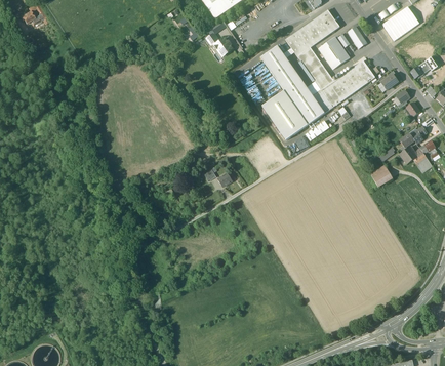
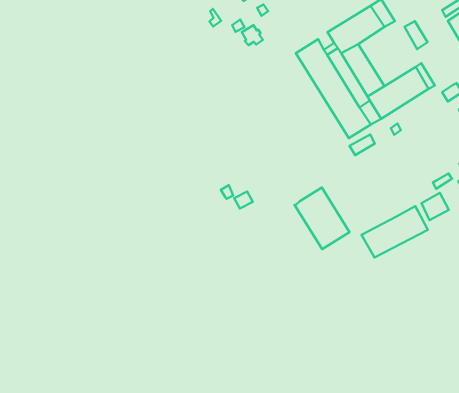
building: [321,36,351,68] -> none
building: [261,89,308,139] -> [294,187,350,249]
building: none -> [361,206,428,257]

